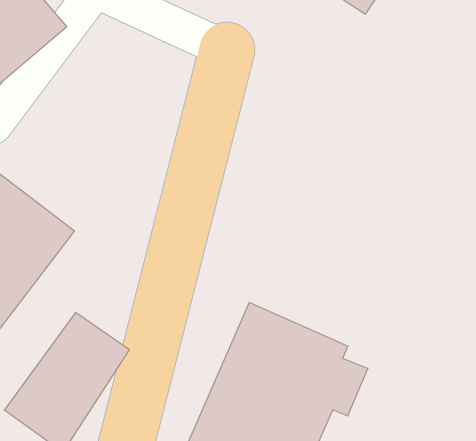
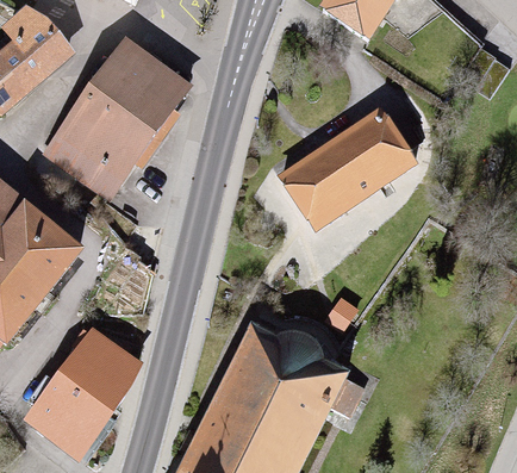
building: none -> [45,43,187,199]
building: none -> [262,106,406,230]

